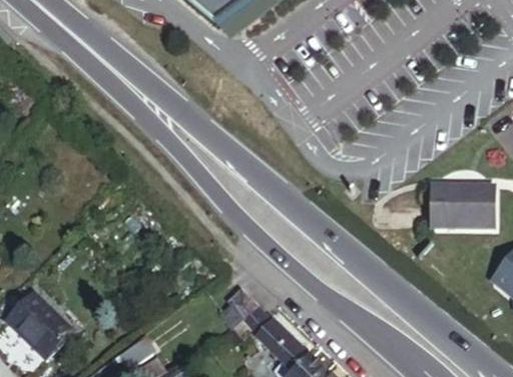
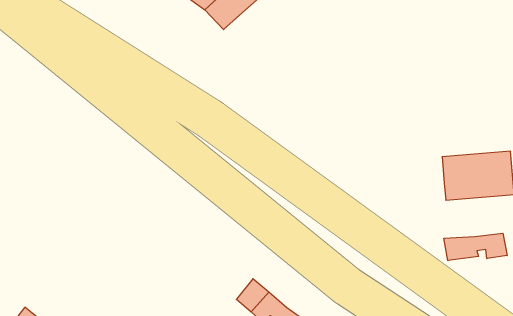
building: none -> [444,233,507,261]

